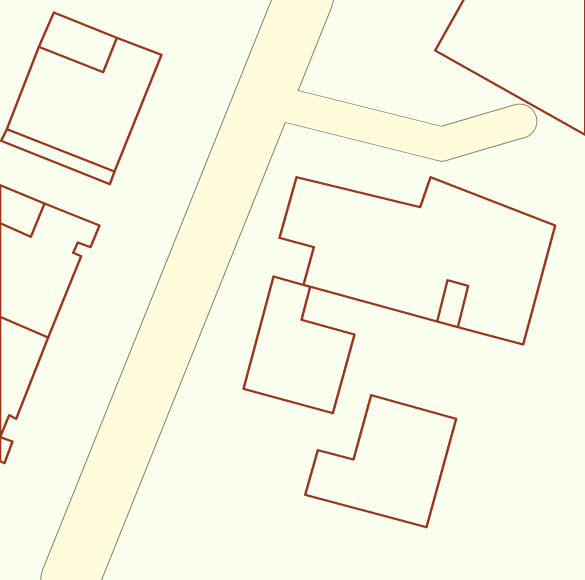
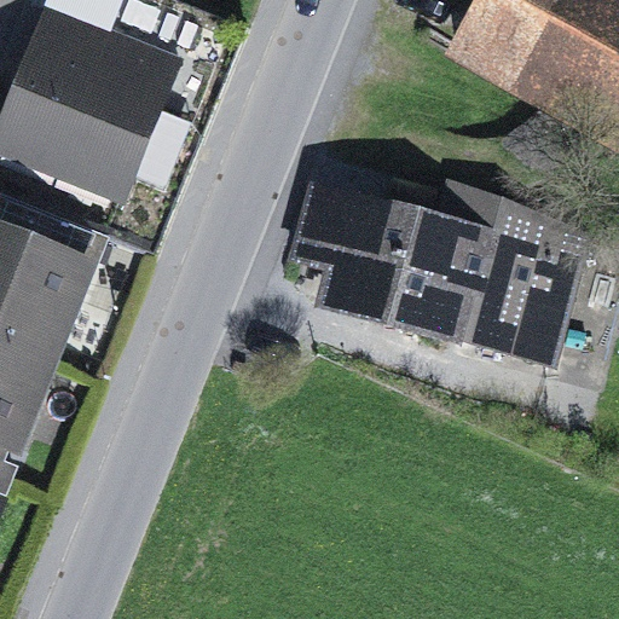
building: [243,276,355,413] -> none
building: [305,395,456,527] -> none

